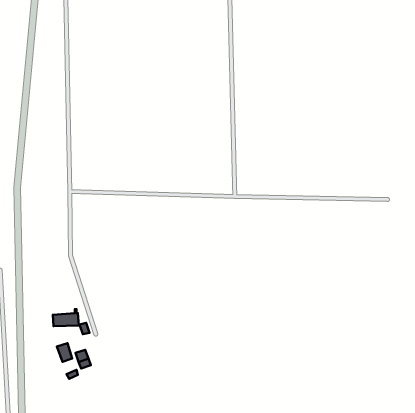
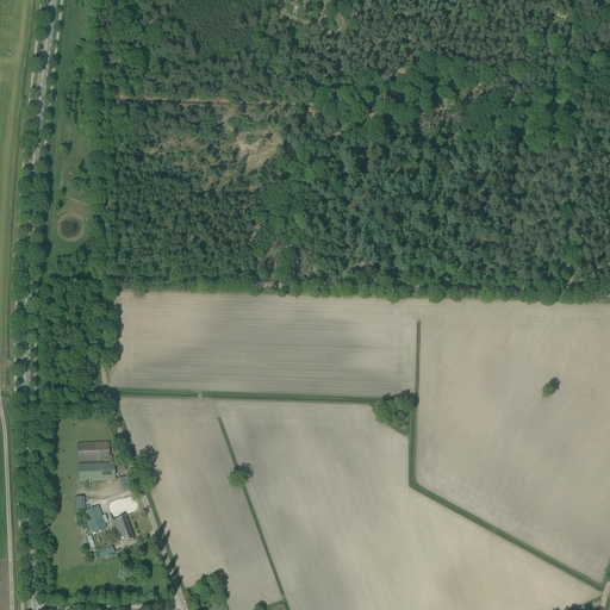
building: none -> [77,440,110,460]

